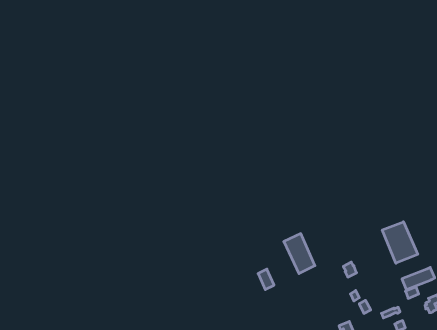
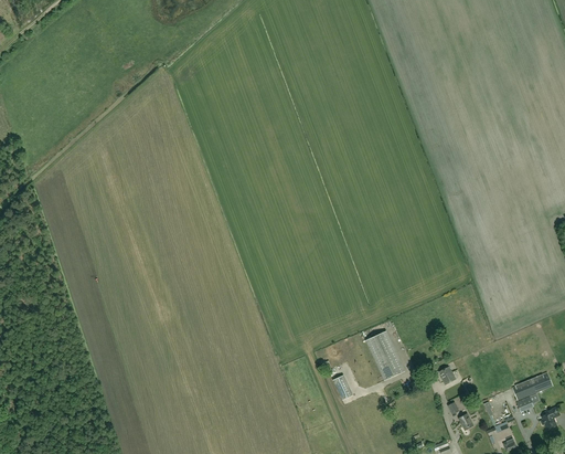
building: [382,222,418,263] -> none

